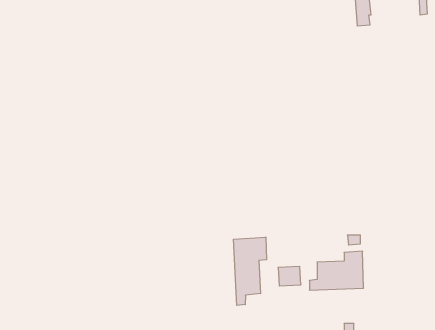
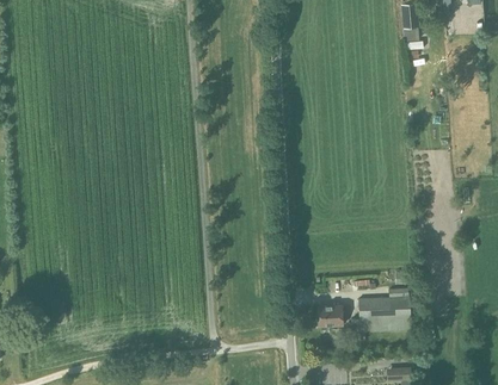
building: [233,237,267,305] -> none

